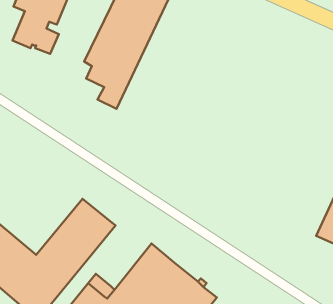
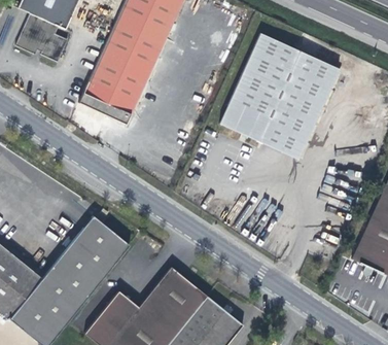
building: none -> [224,31,346,157]
building: none -> [82,68,117,109]

